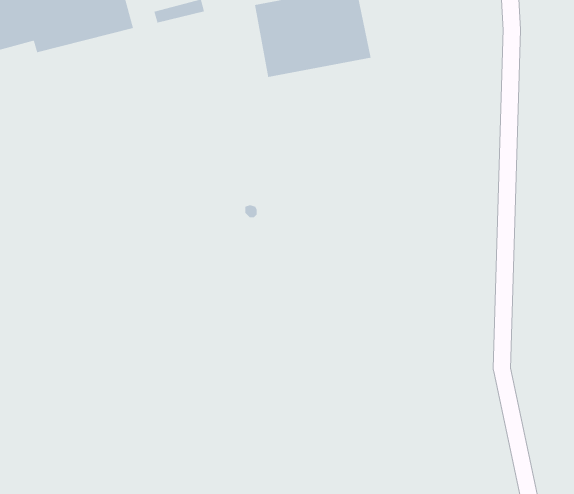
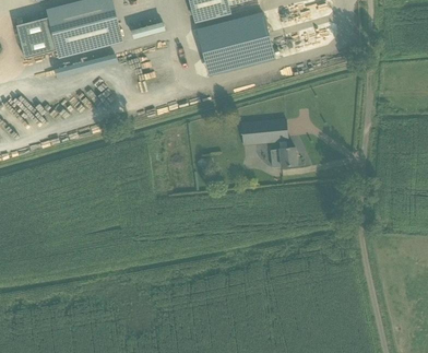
building: none -> [241,118,295,167]

